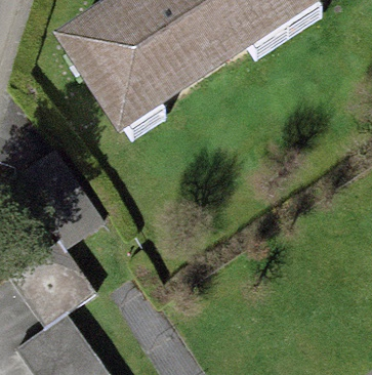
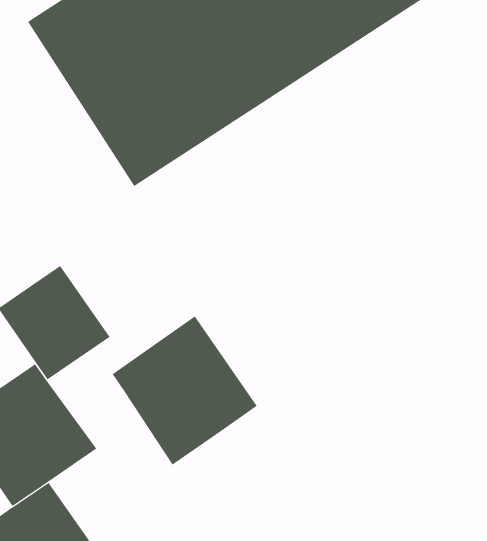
building: none -> [112,315,258,466]

